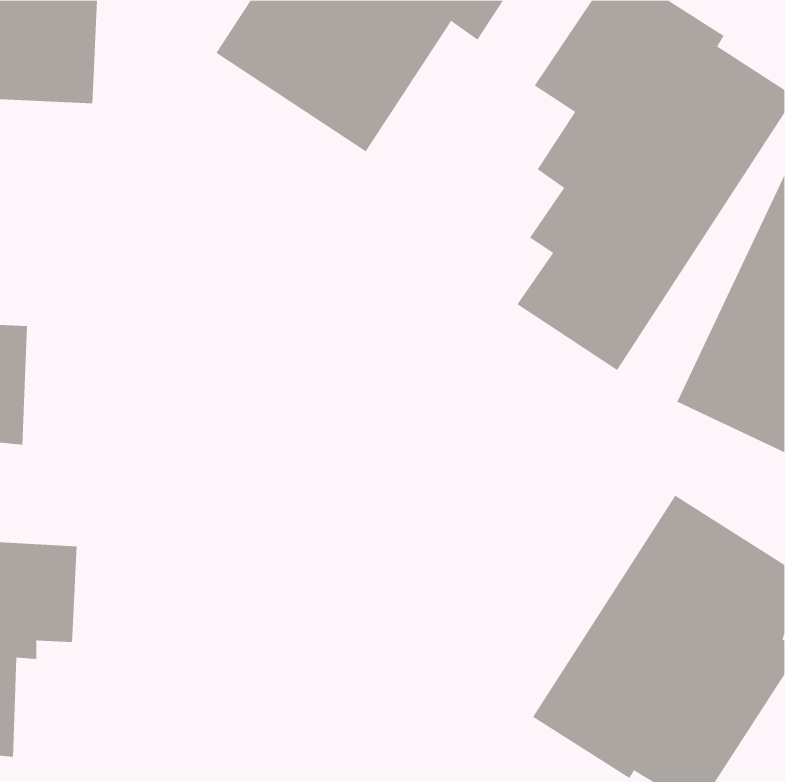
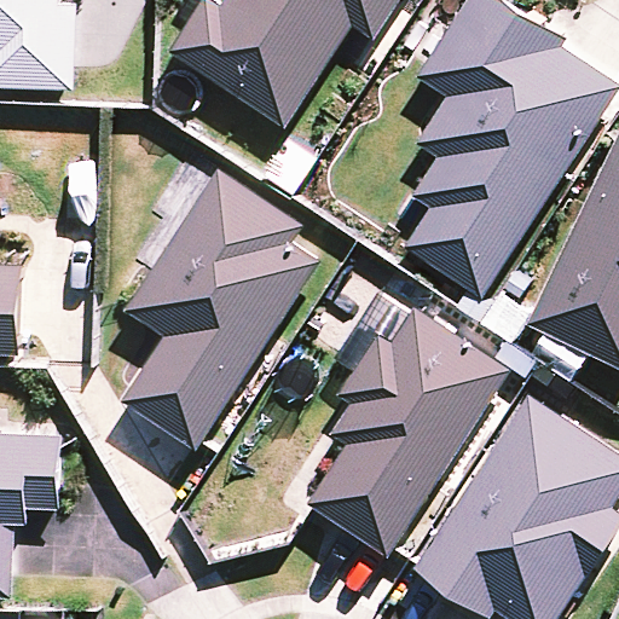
building: none -> [121,168,318,449]
building: none -> [308,307,509,555]

